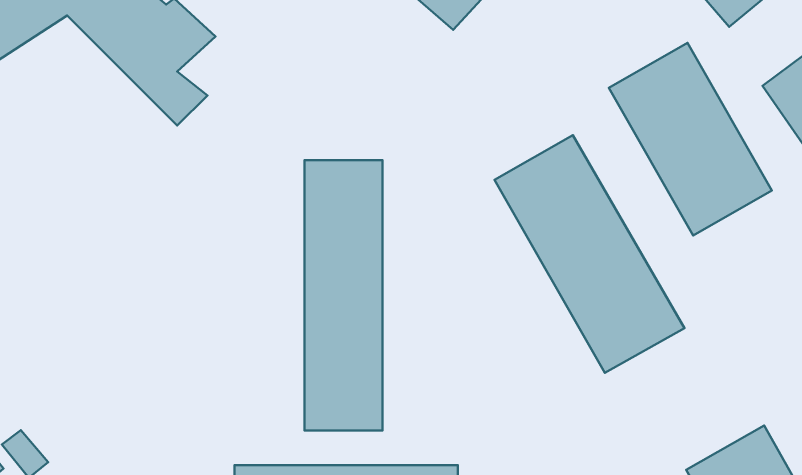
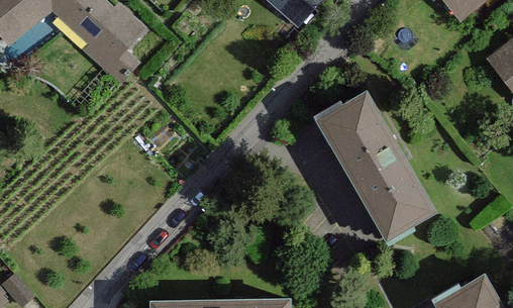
building: [609,43,772,235] -> none
building: [304,160,383,430] -> none

